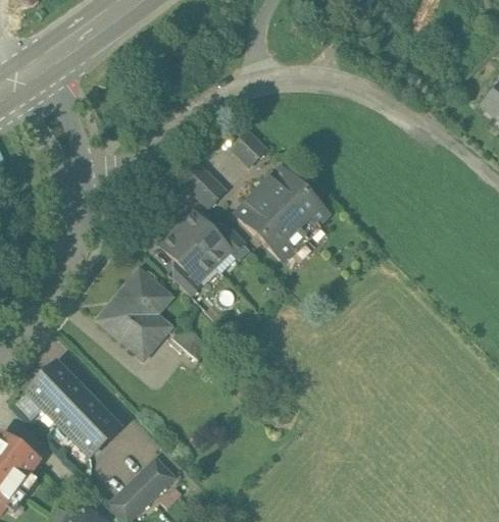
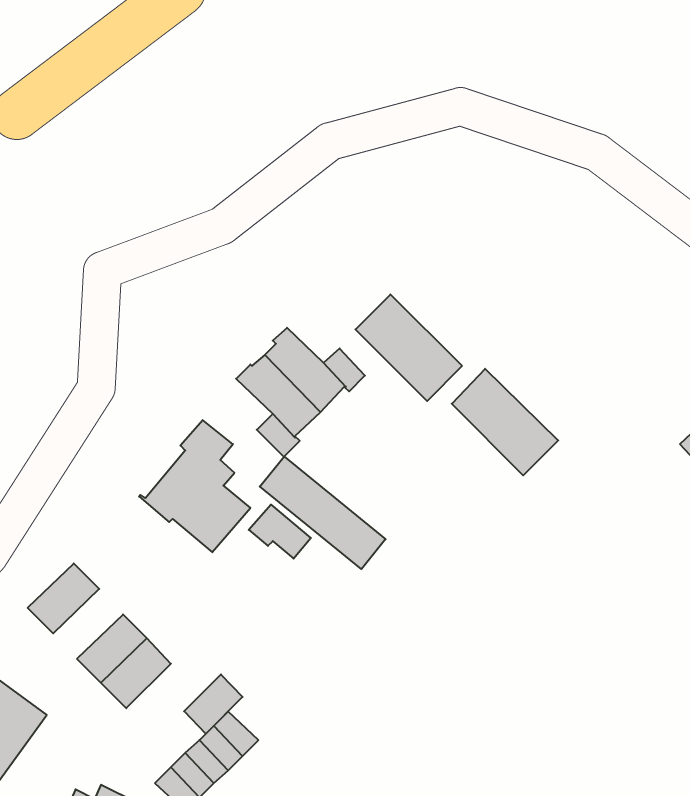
building: [233,129,266,163] -> none
building: [184,162,226,204] -> none
building: [260,166,329,234] -> [452,369,558,475]
building: none -> [260,457,386,569]
building: [44,377,89,422] -> none
building: none -> [184,674,243,734]

